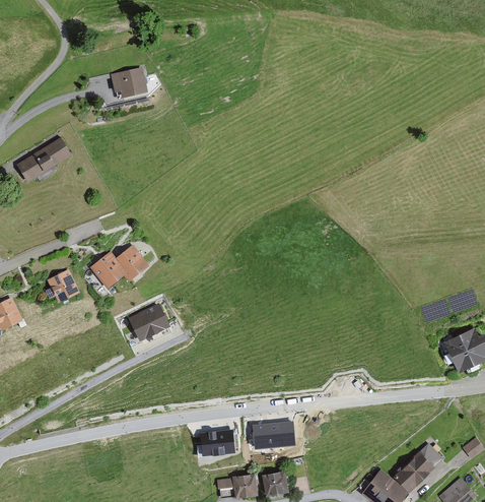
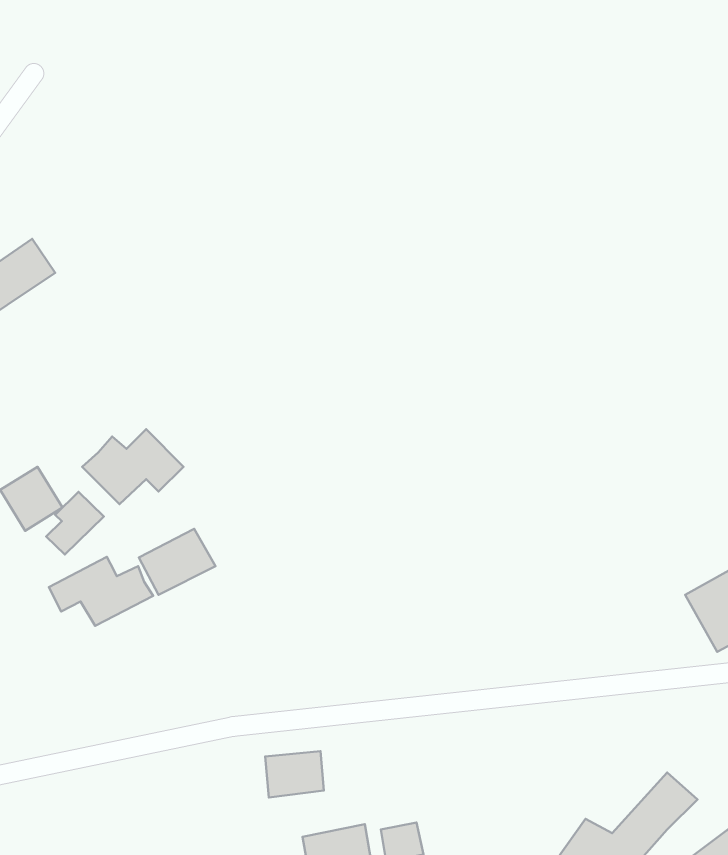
building: [113,66,153,100] -> none
building: none -> [46,492,104,555]
building: none -> [49,557,153,626]
building: [250,421,291,448] -> none

